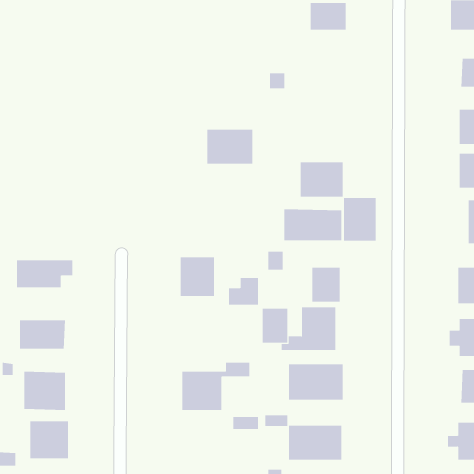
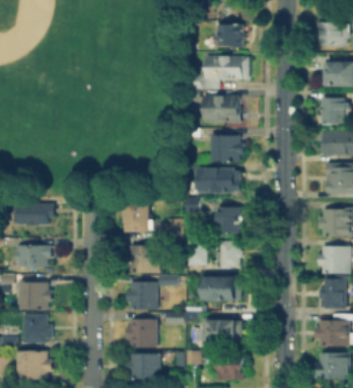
building: none -> [207,57,251,78]
building: [206,129,253,164] -> [206,98,238,122]
building: [344,197,376,242] -> none
building: none -> [129,247,160,273]
building: none -> [129,321,156,347]

